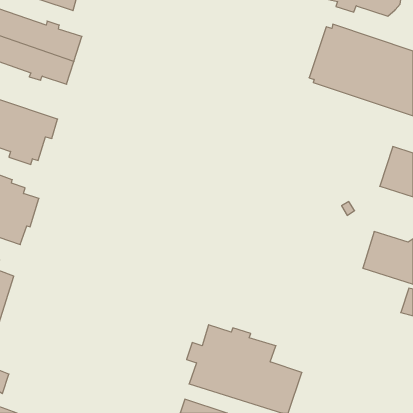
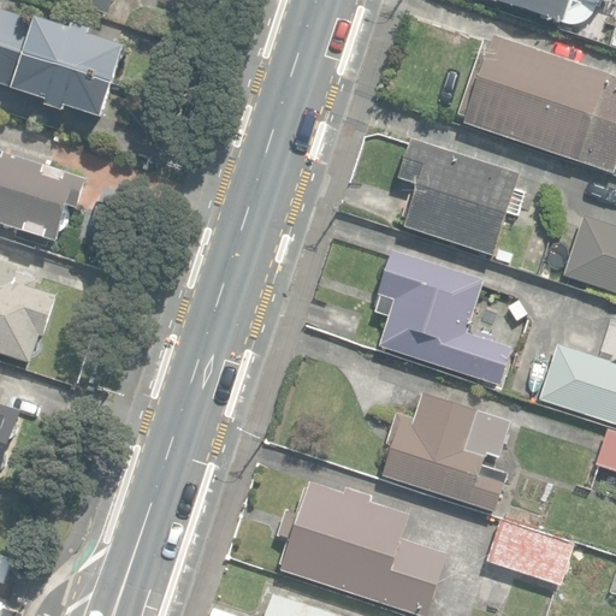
building: none -> [399,138,522,256]
building: none -> [374,250,513,385]
building: none -> [383,392,511,511]
building: none -> [487,519,574,585]

